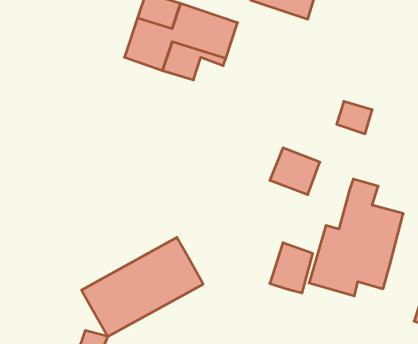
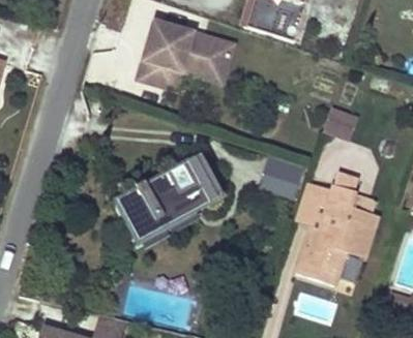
building: [82,237,203,337] -> [115,155,220,241]
building: [270,243,313,293] -> [293,183,330,226]

